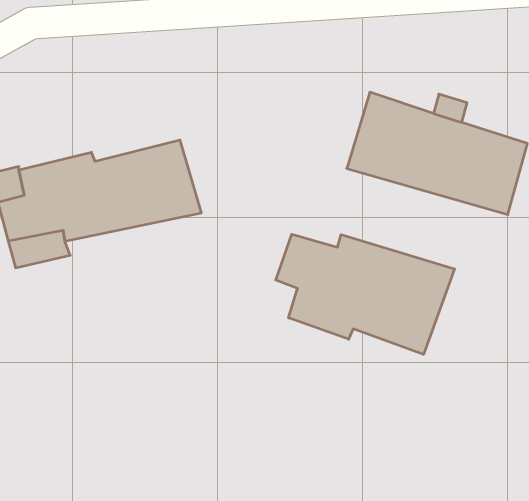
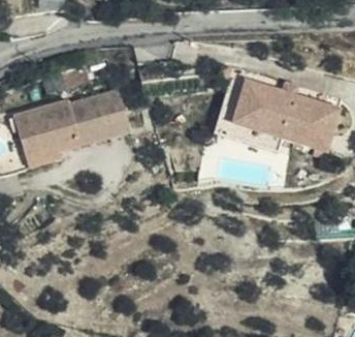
building: [276,234,455,354] -> none

